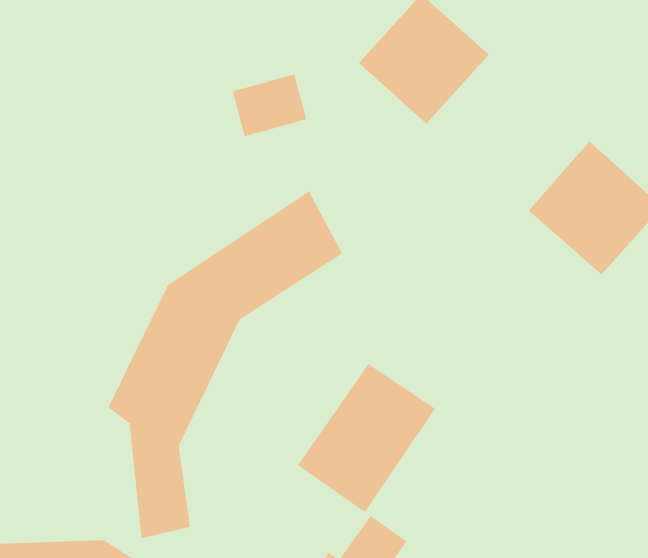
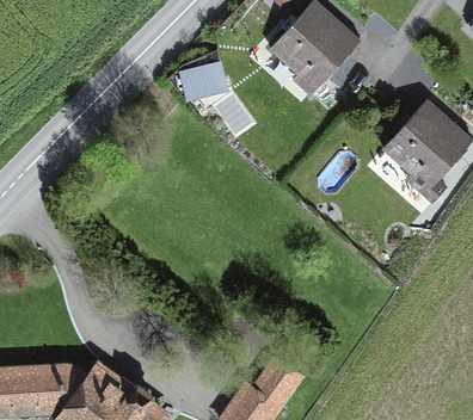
building: [108,190,343,539] -> none
building: [297,363,436,513] -> none

